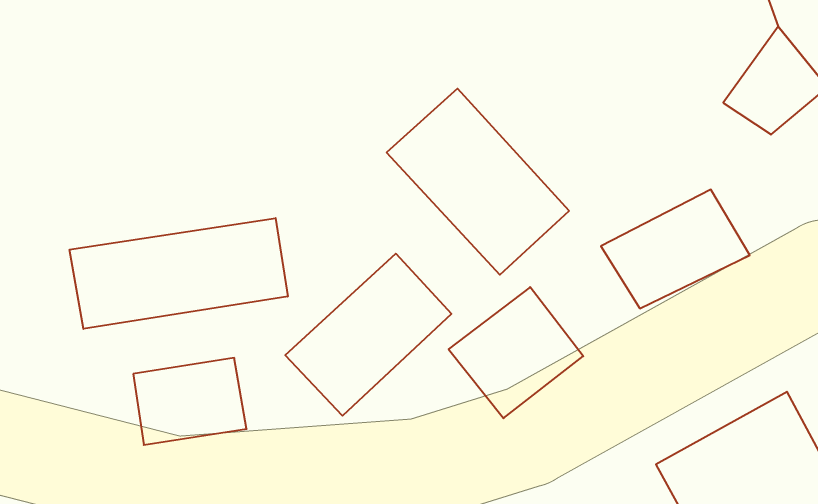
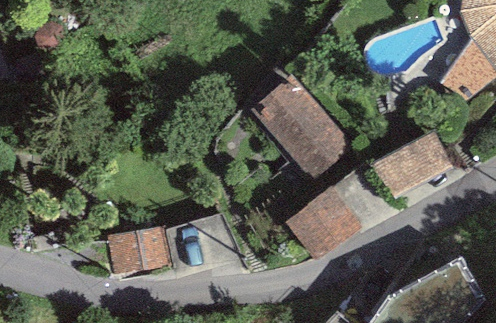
building: [70,218,288,329] -> none
building: [285,254,451,416] -> none

